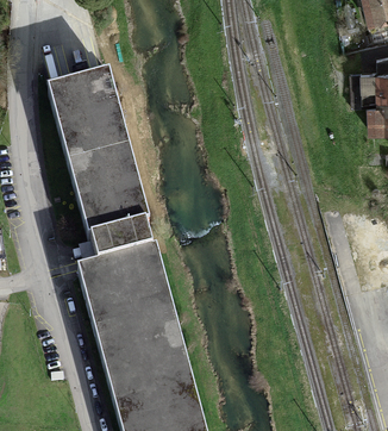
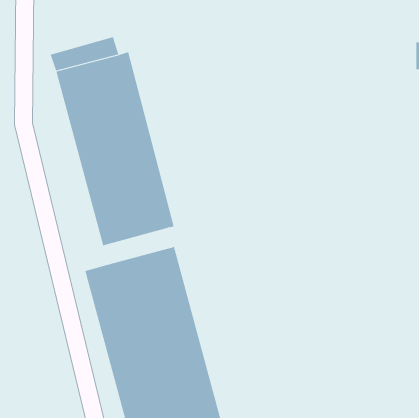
building: [98,237,152,268] -> none

